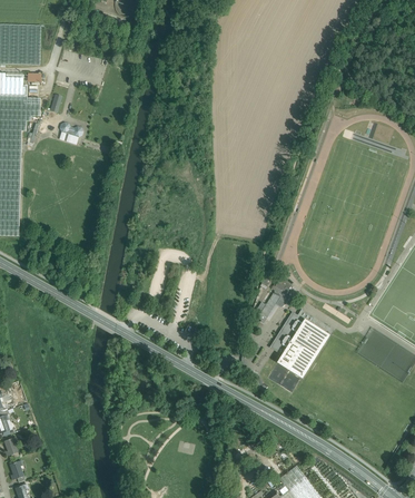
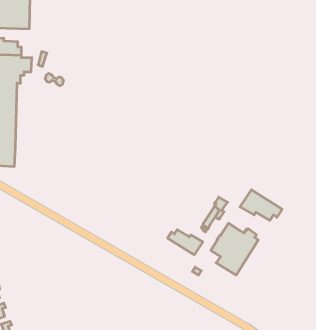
building: none -> [240,190,282,220]
building: none -> [168,230,203,255]

